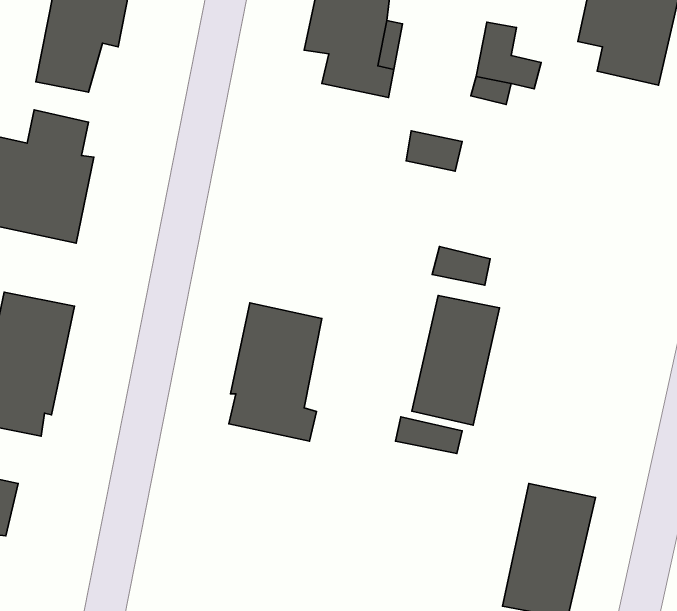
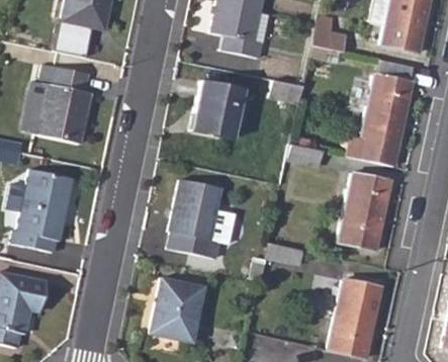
building: none -> [359,73,411,151]
building: none -> [193,80,244,139]
building: [412,296,500,425] -> [338,174,388,249]
building: none -> [152,276,204,340]

